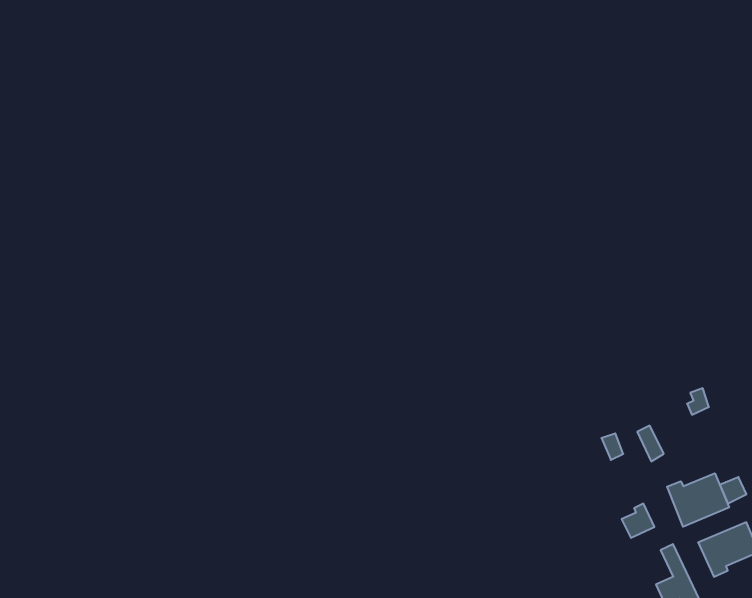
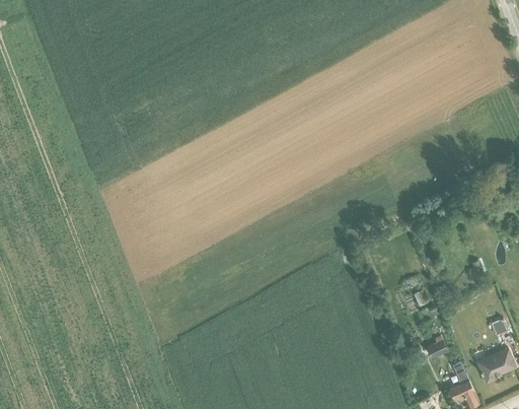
building: [667,473,729,527] -> none

